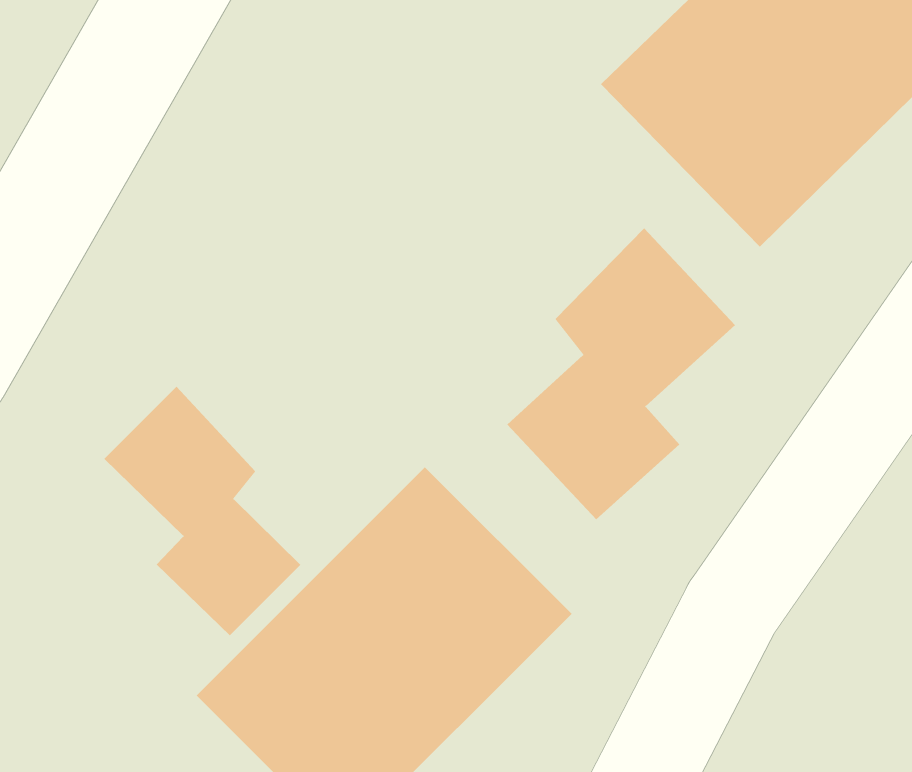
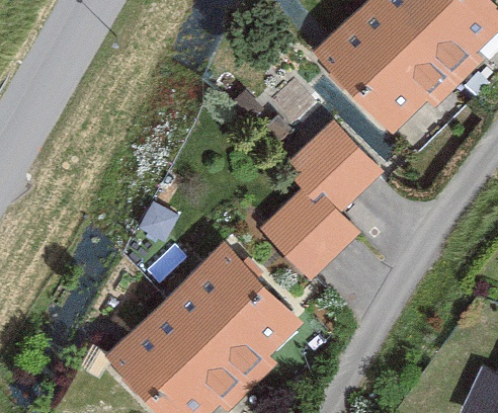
building: [103,386,301,636] -> none

